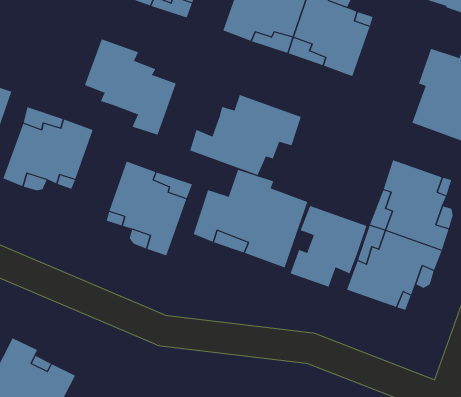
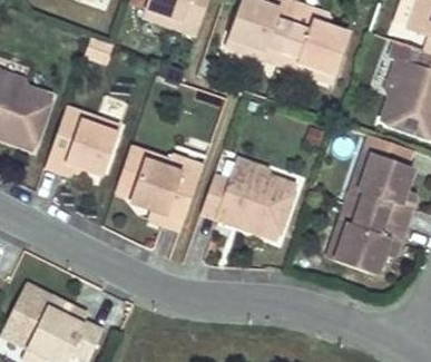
building: [84,39,176,136] -> none
building: [190,94,301,176] -> none
building: [290,205,367,288] -> none

